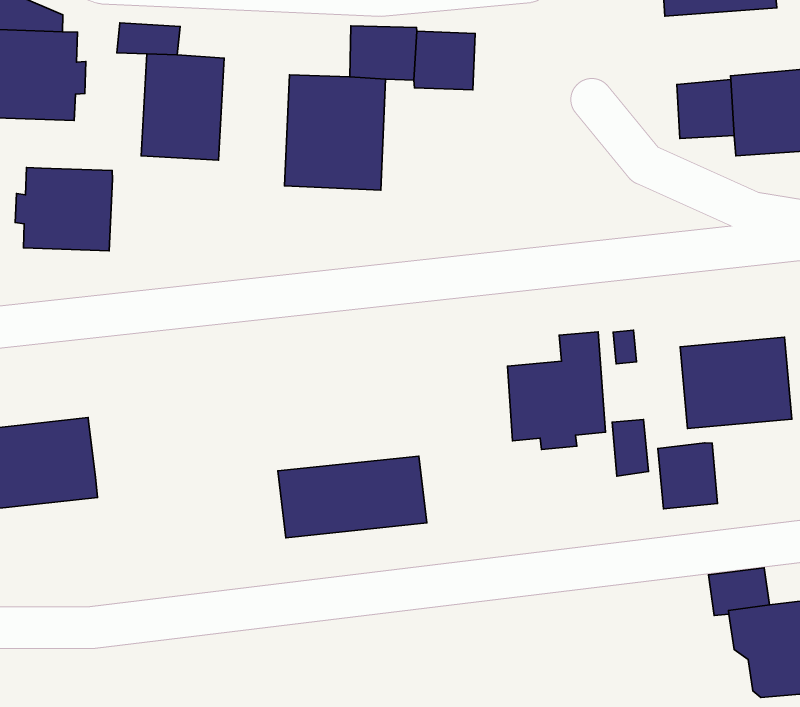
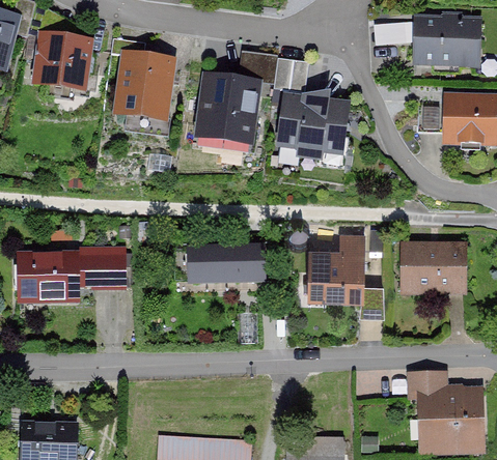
building: none -> [278,97,347,165]
building: [15,167,112,251] -> none
building: none -> [76,255,122,287]
building: [658,443,718,509] -> none
building: [278,456,427,538] -> [187,242,267,281]

